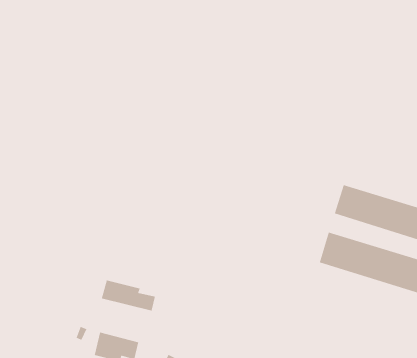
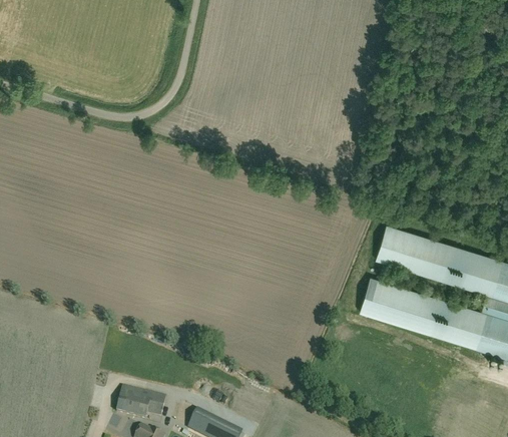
building: [101,279,156,311] -> none

